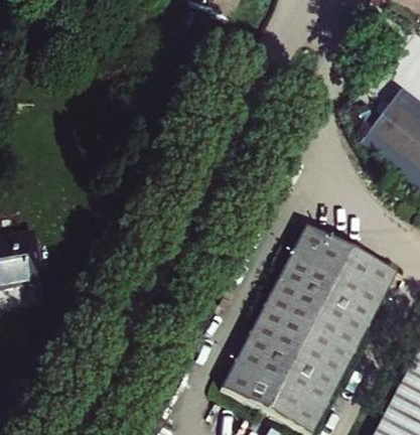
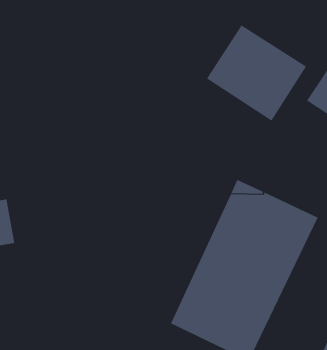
building: none -> [206,24,307,122]

